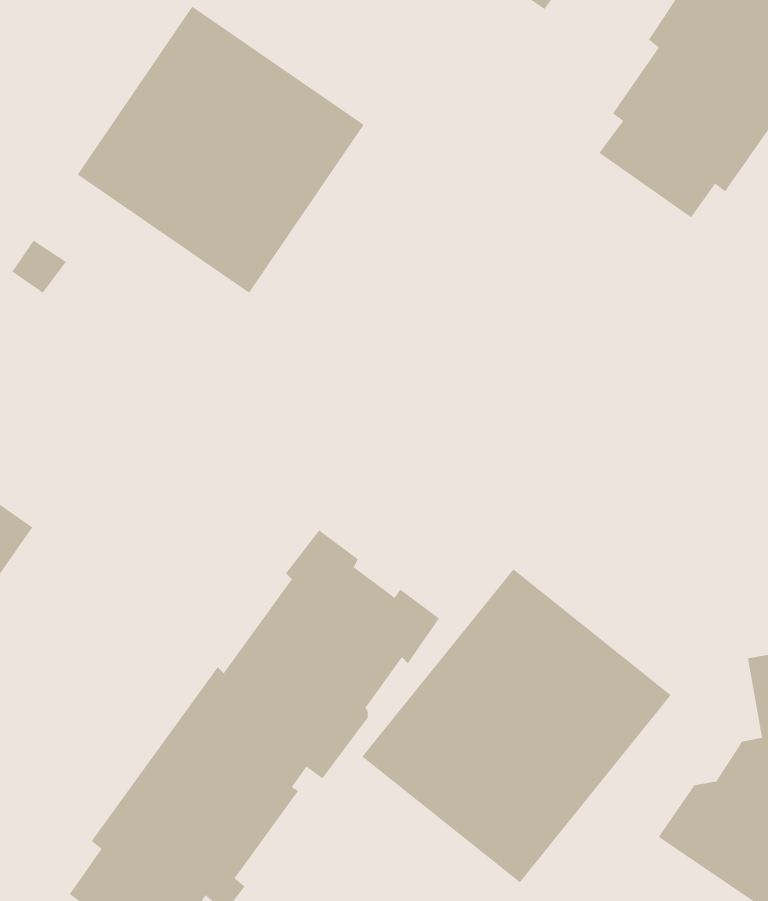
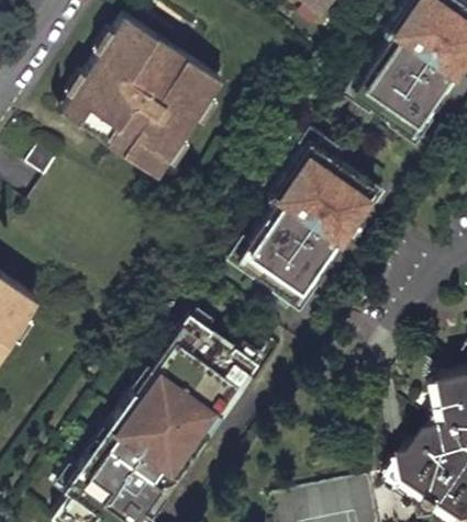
building: none -> [238,143,373,300]
building: [362,569,672,883] -> none

